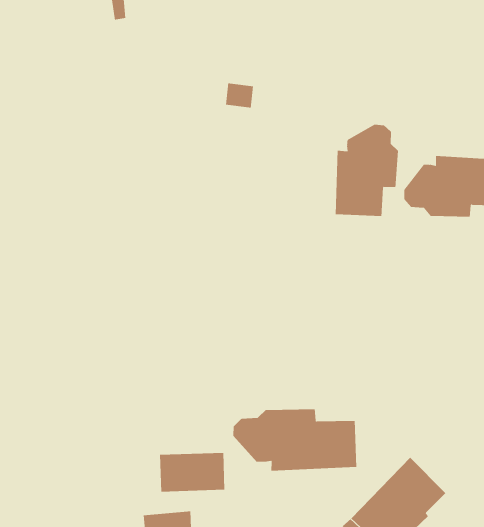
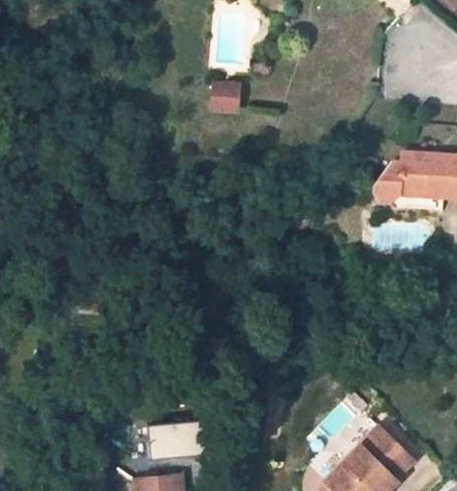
building: [335,124,398,217] -> none
building: [233,409,357,471] -> none

